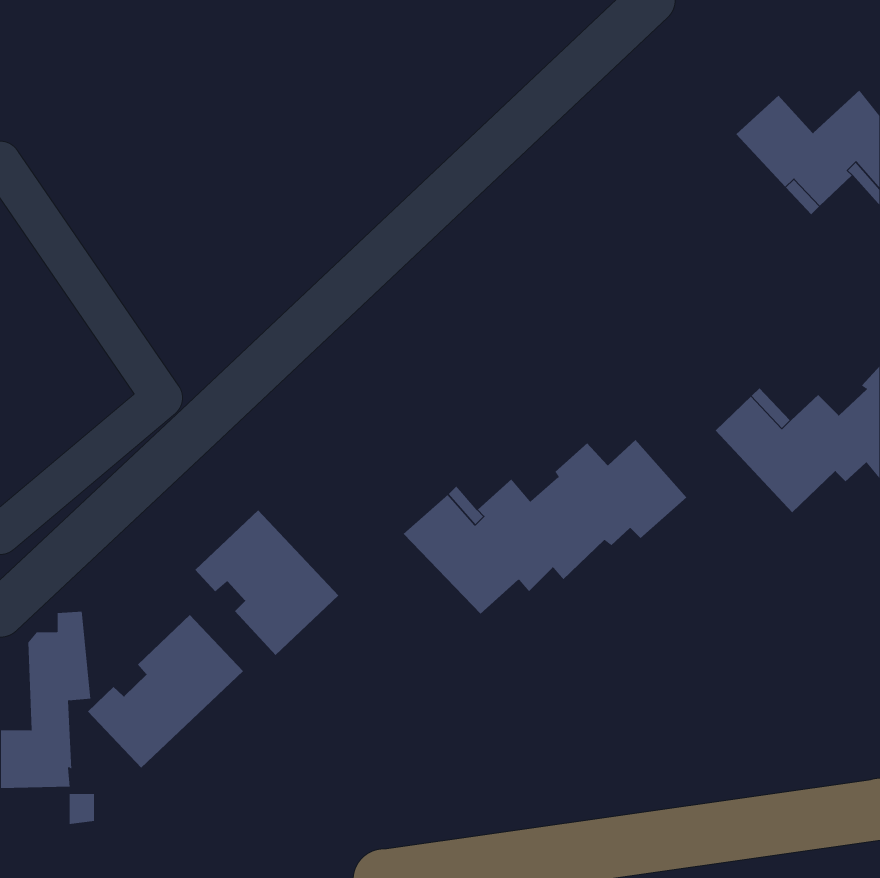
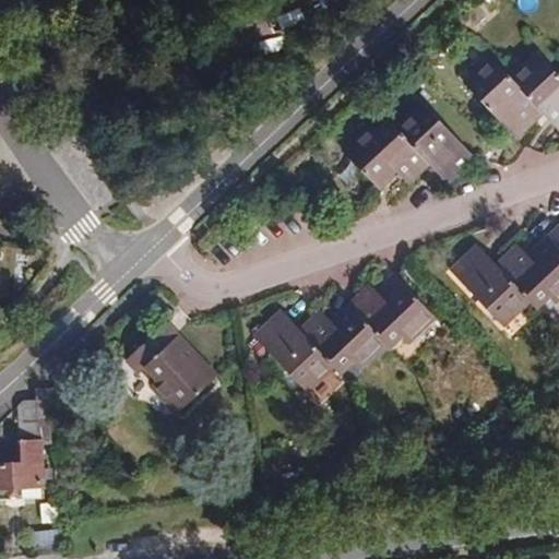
building: none -> [343,105,474,187]
building: [87,614,244,769] -> none

